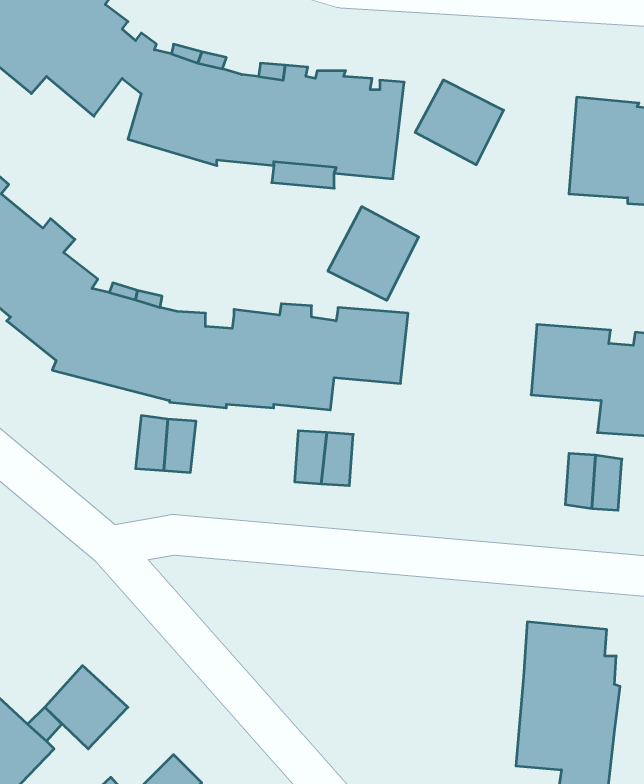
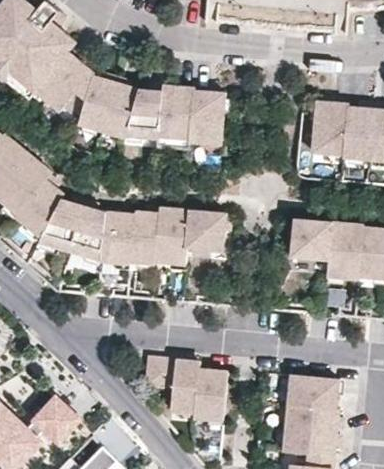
building: [415,80,504,165] -> none
building: [328,207,419,300] -> none
building: none -> [145,359,227,422]

